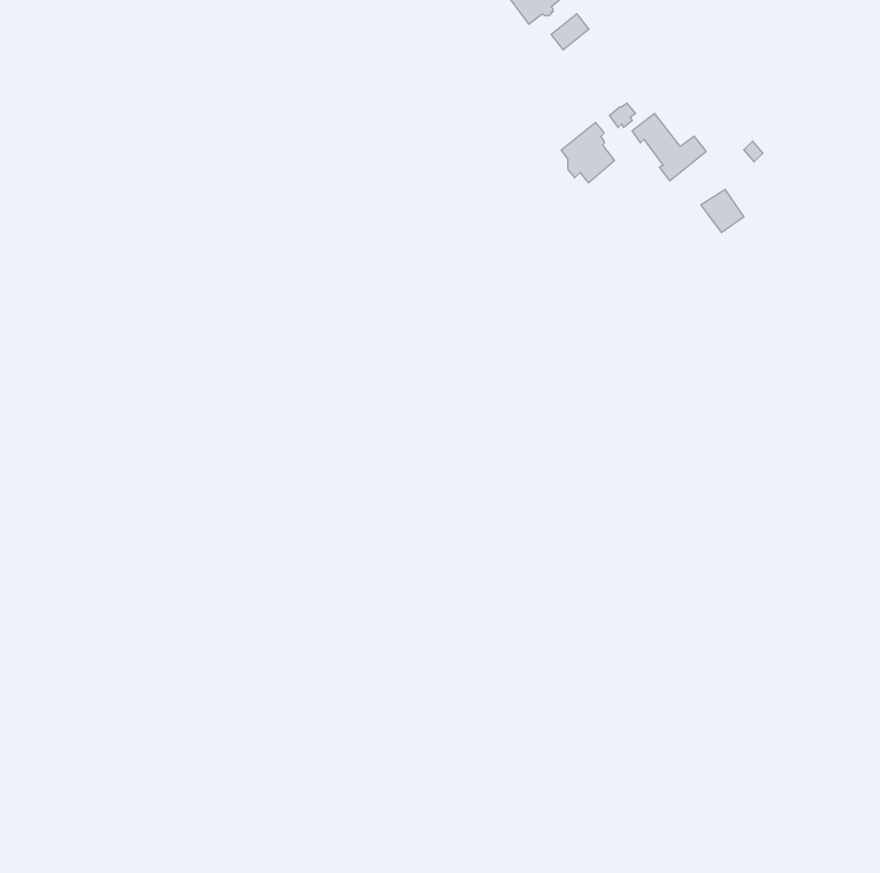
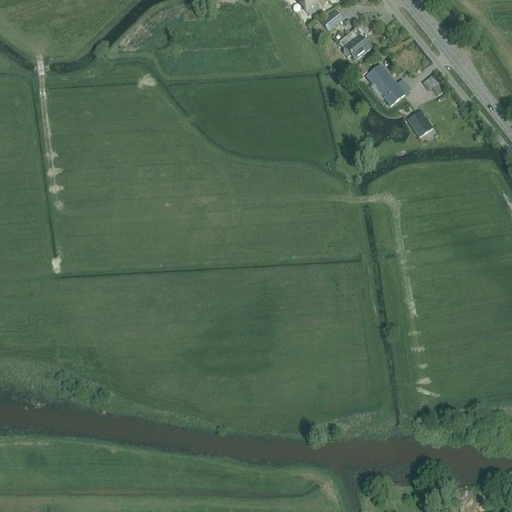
building: [561,123,614,183] -> [339,25,370,60]

